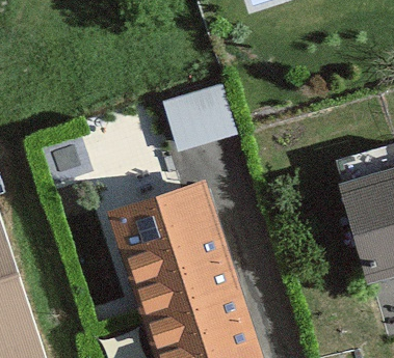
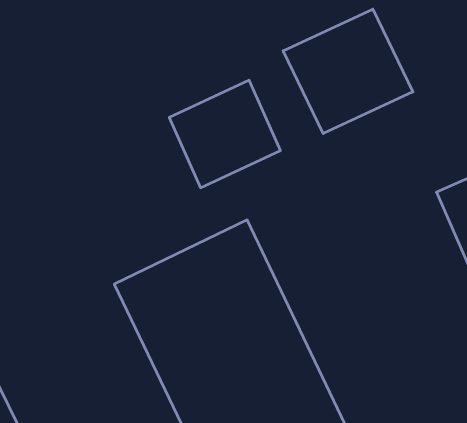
building: none -> [283,9,413,134]

